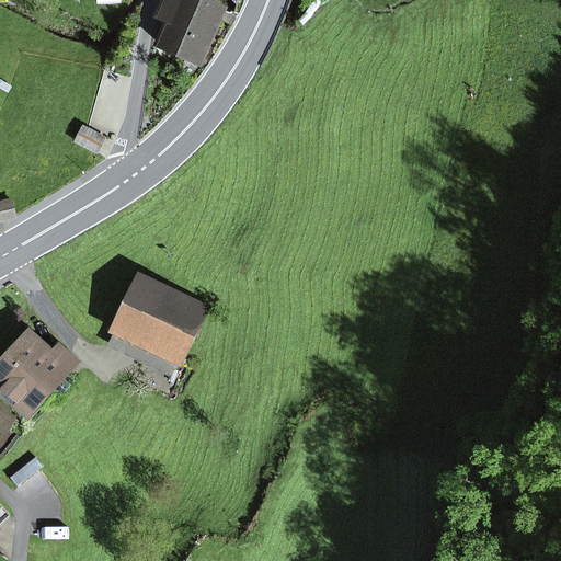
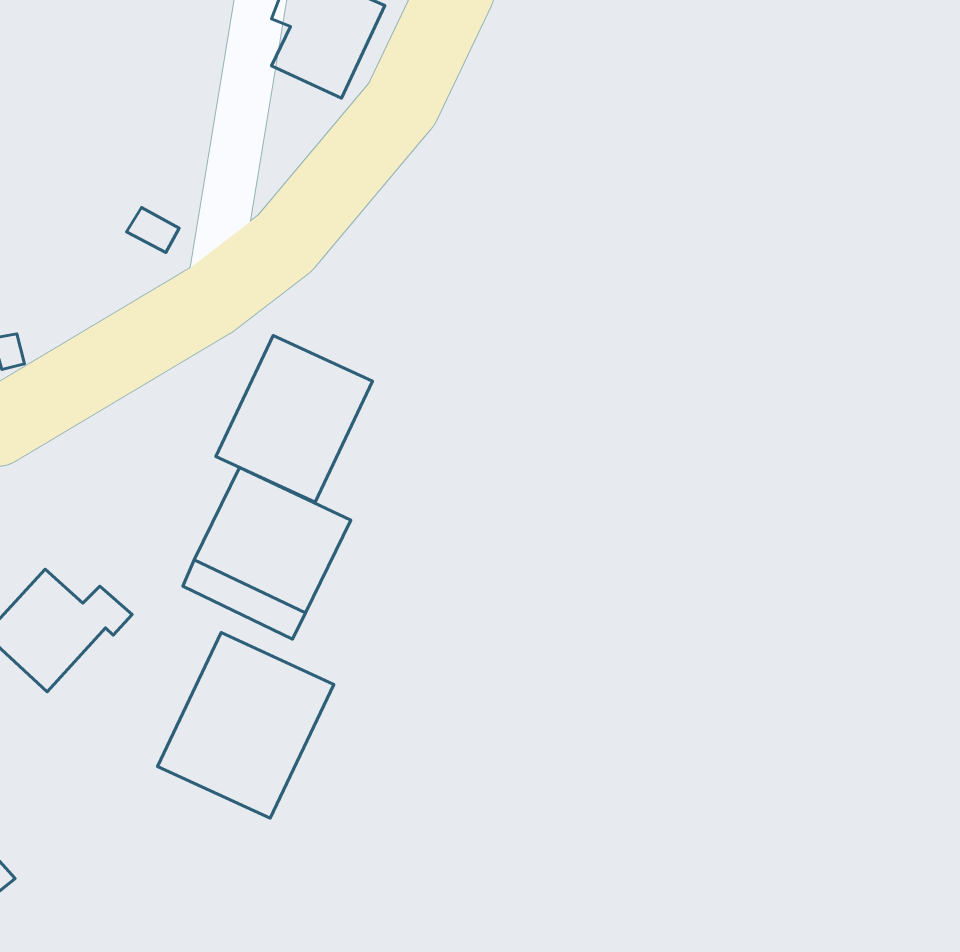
building: none -> [216,336,372,502]
building: none -> [157,633,334,818]

